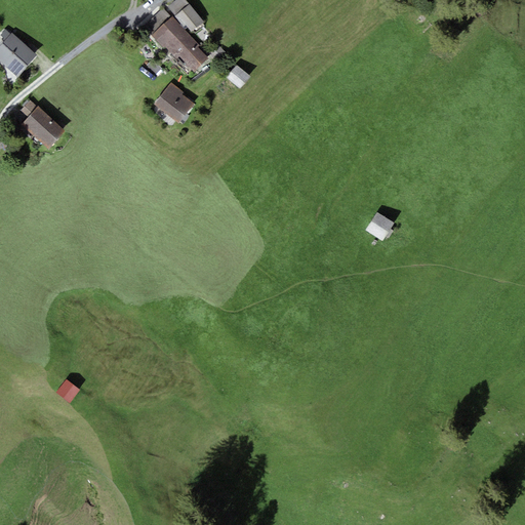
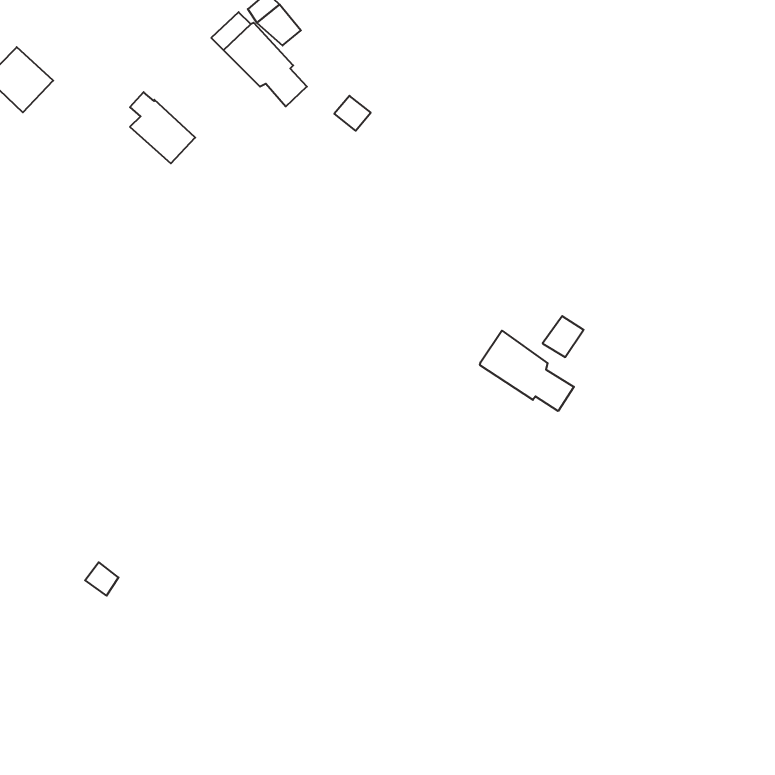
building: [153,81,193,122] -> none
building: [19,99,64,148] -> [130,92,195,163]
building: none -> [480,331,574,411]

